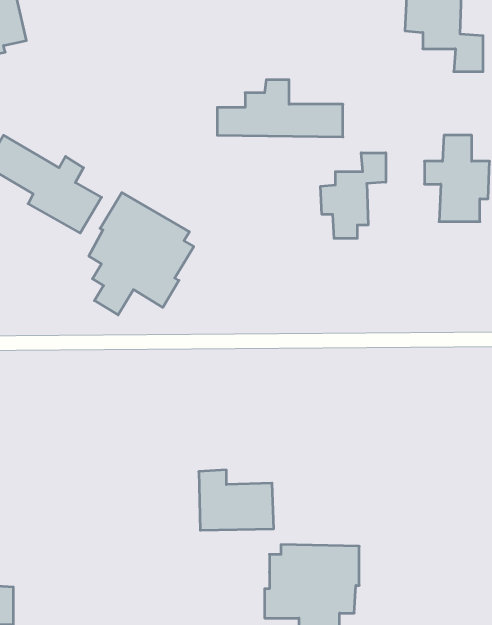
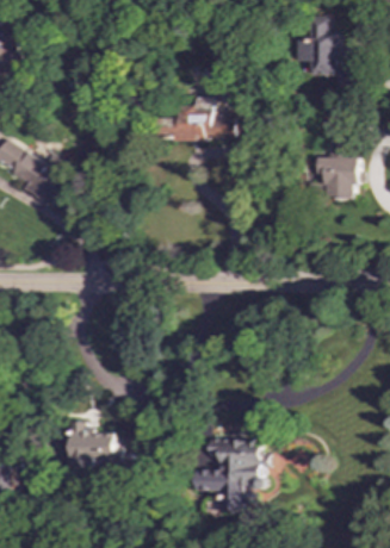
building: [321,153,386,238] -> none
building: [89,193,194,315] -> none
building: [199,470,274,530] -> [64,421,119,465]

